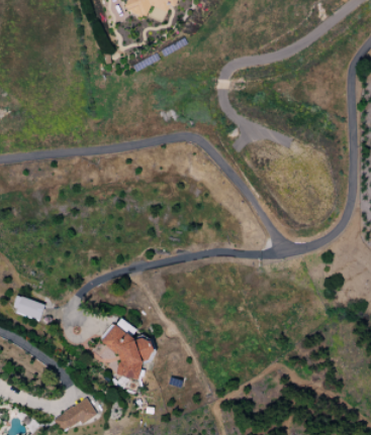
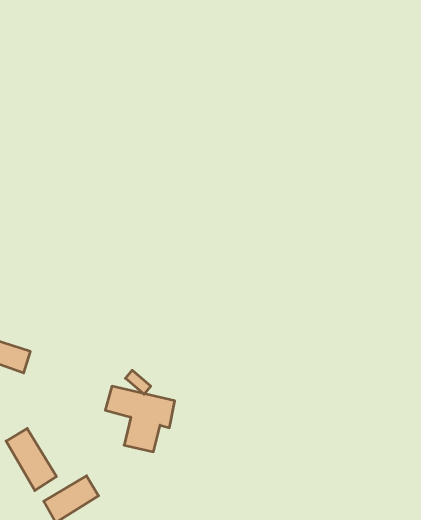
building: none -> [6,428,56,491]

